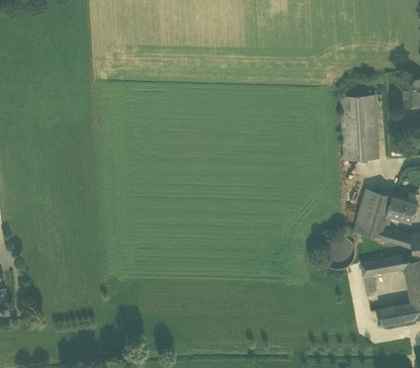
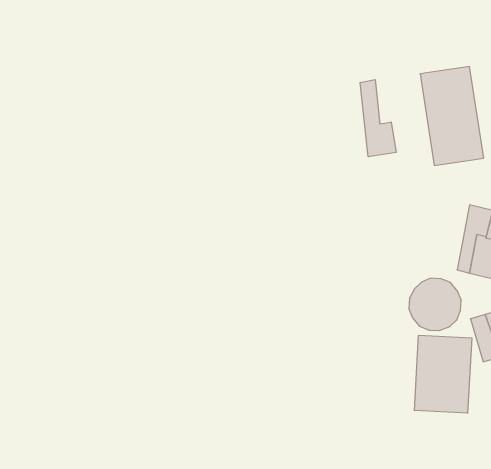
building: none -> [360,80,396,157]
building: none -> [414,335,472,413]

